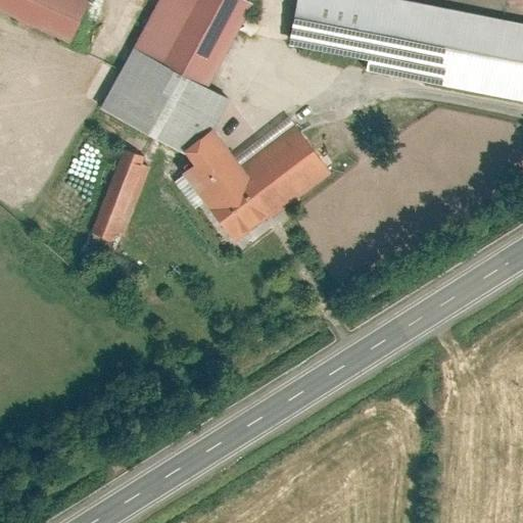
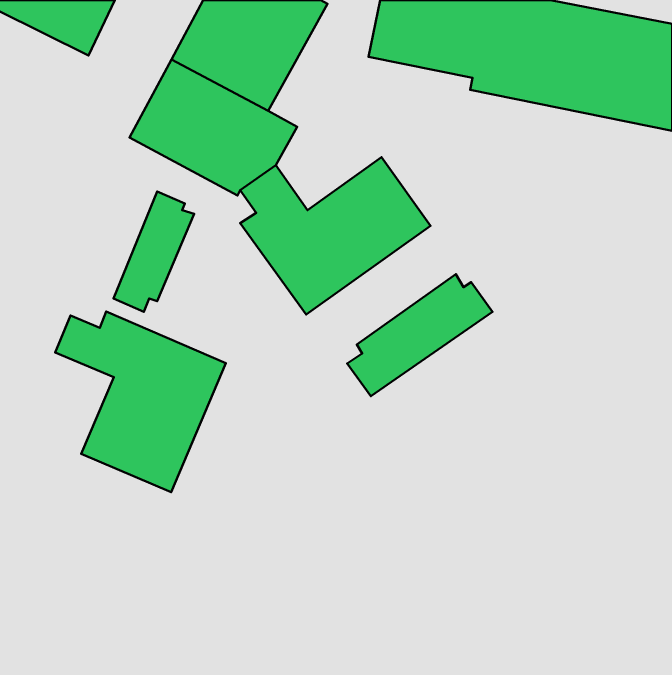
building: none -> [347,274,492,396]
building: none -> [55,311,226,492]

